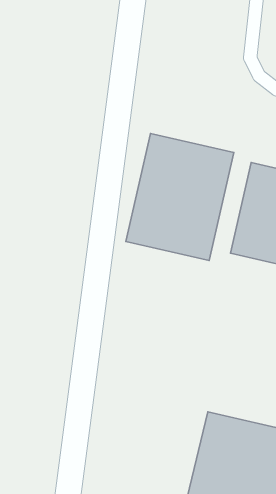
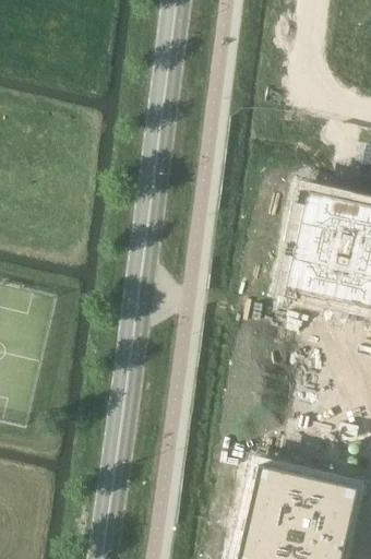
building: [126,134,234,260] -> none

